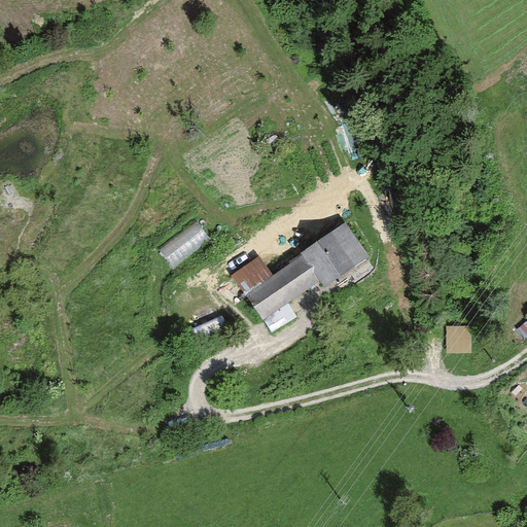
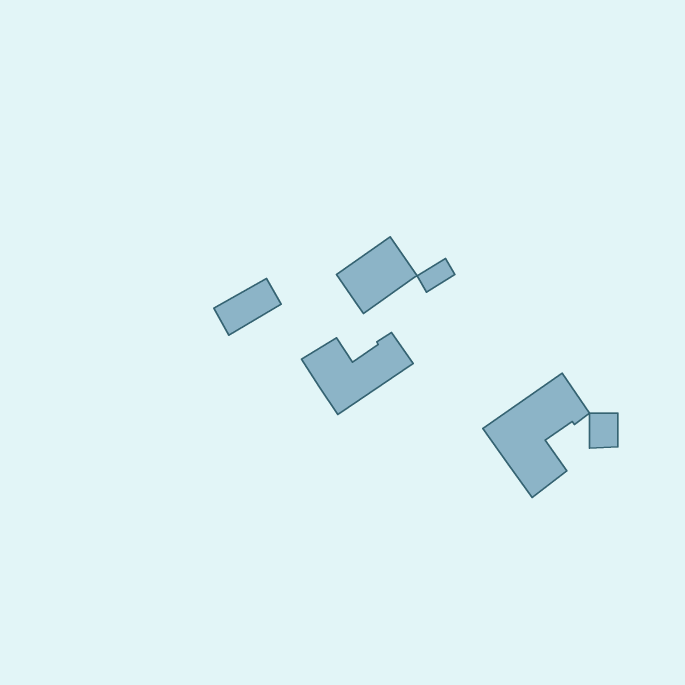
building: [302,227,363,286] -> [336,237,417,314]
building: none -> [483,373,589,498]

